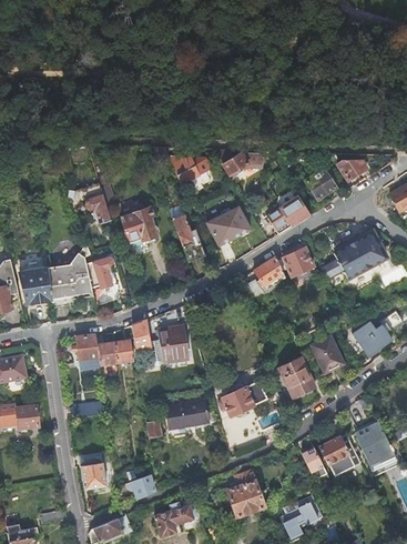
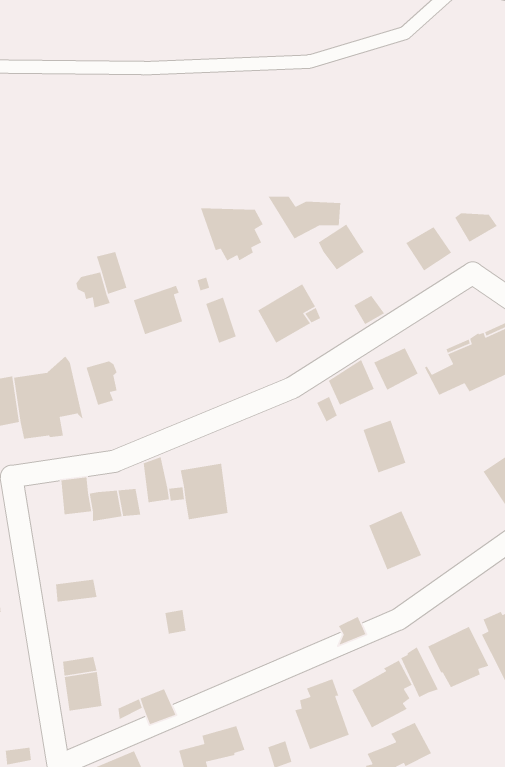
building: [278,195,309,226] -> [318,224,365,271]
building: [314,335,343,371] -> [363,420,406,473]
building: [220,380,267,415] -> none
building: [163,397,217,426] -> none
building: none -> [351,660,413,728]

